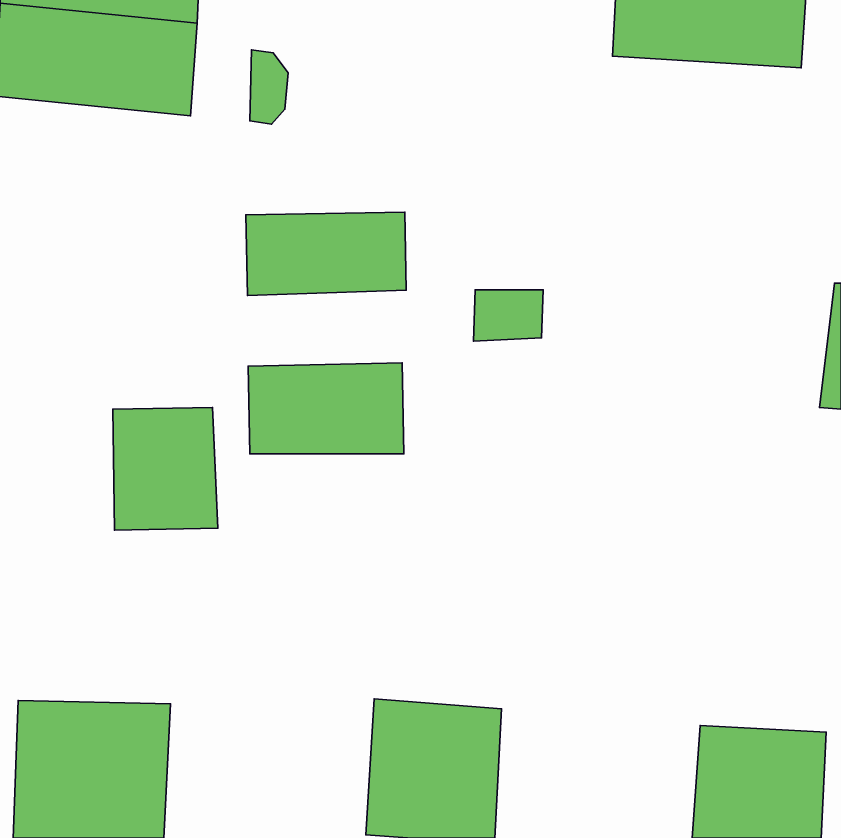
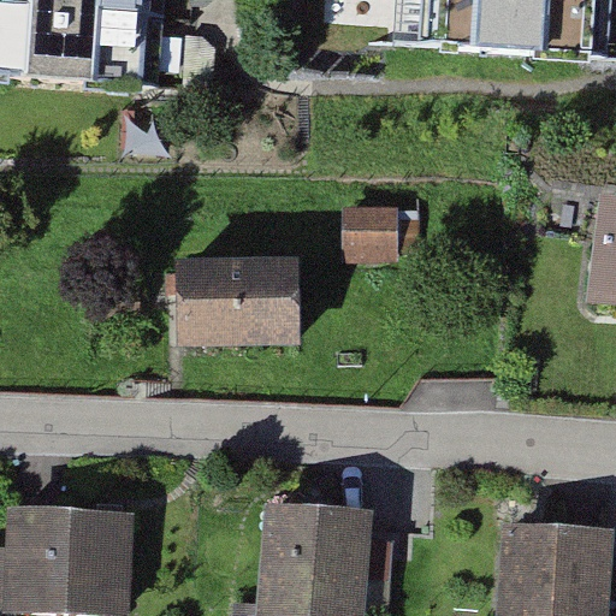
building: [246,212,406,296] -> none
building: [113,407,218,530] -> none

